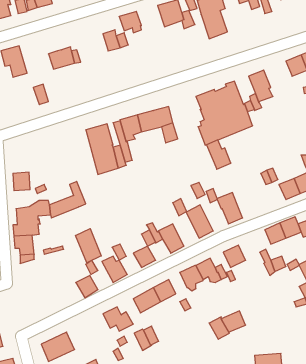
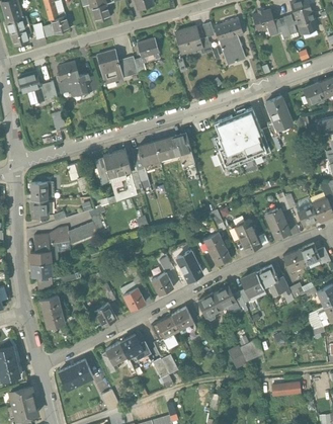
building: none -> [97,50,123,84]
building: none -> [57,62,79,92]
building: [207,140,231,169] -> [265,209,289,239]
building: none -> [29,182,52,200]
building: [76,229,101,263] -> none
building: none -> [256,266,282,294]
building: none -> [39,294,65,327]
building: none -> [101,341,128,370]

